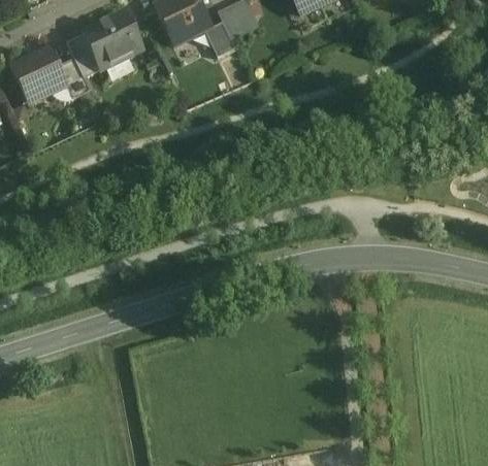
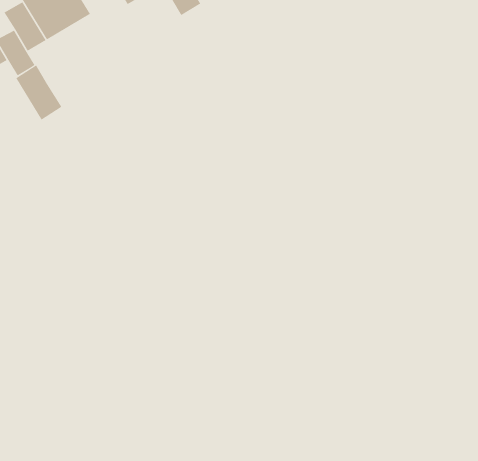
building: none -> [15,64,62,120]

